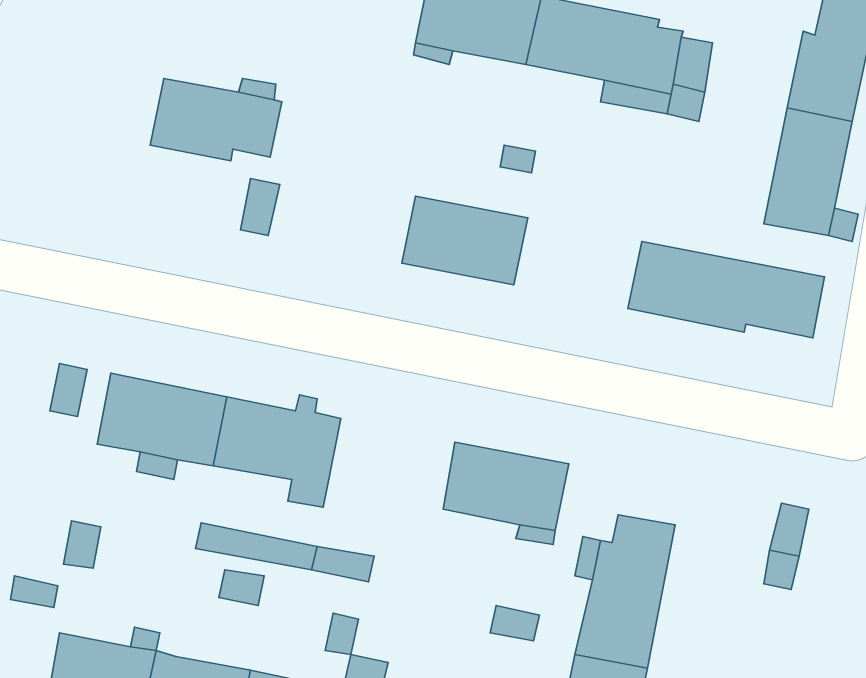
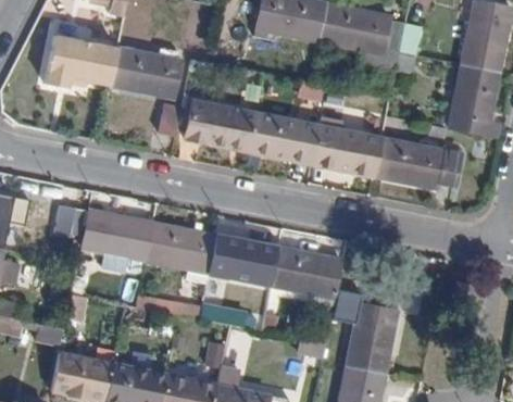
building: none -> [49,35,117,85]
building: none -> [186,86,256,150]
building: none -> [311,125,381,175]
building: none -> [208,236,278,286]

